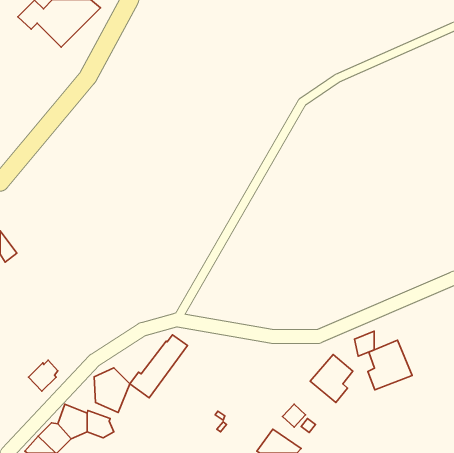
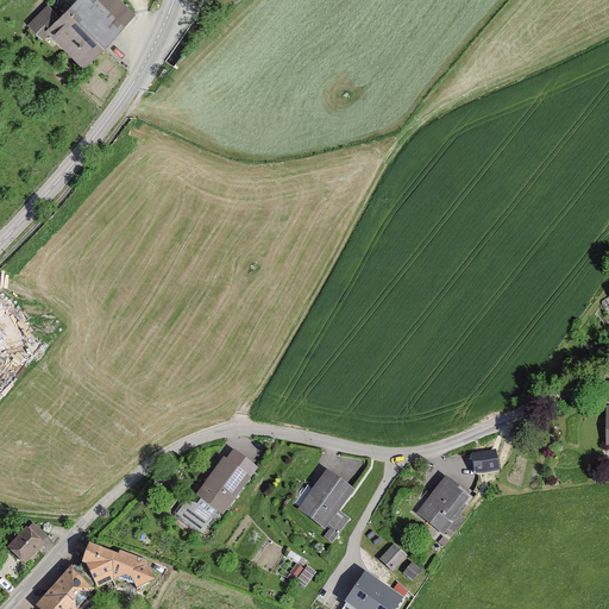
building: [368,340,412,390] -> none
building: none -> [293,467,356,542]
building: [29,360,58,391] -> [6,522,45,564]
building: [94,368,130,413] -> none

